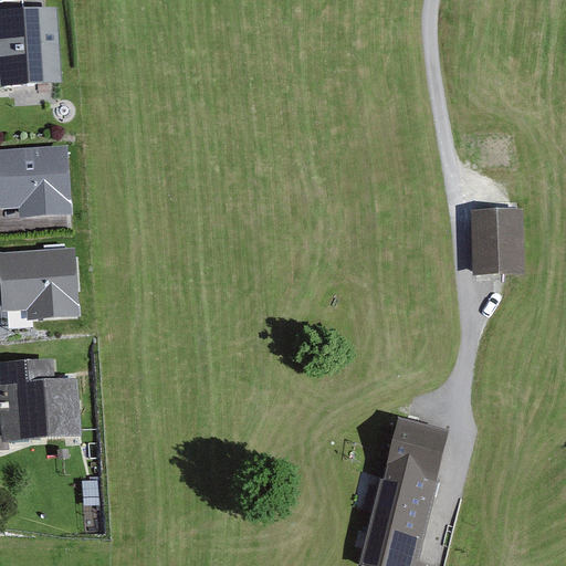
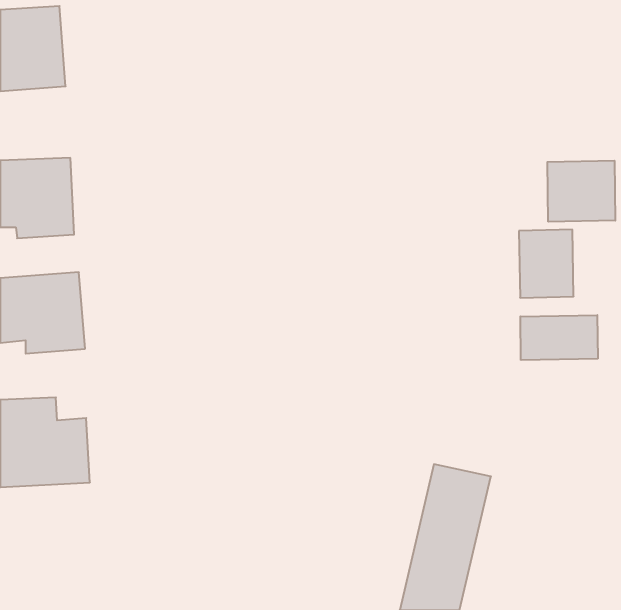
building: none -> [547,161,615,222]
building: none -> [520,315,598,360]

